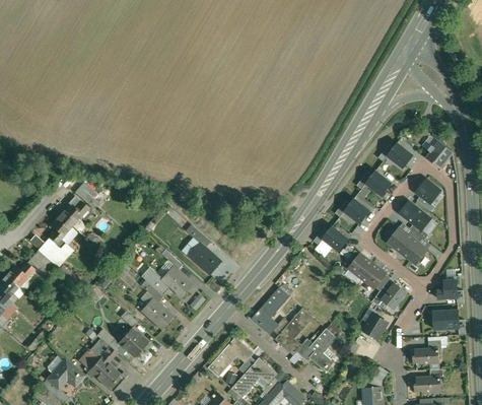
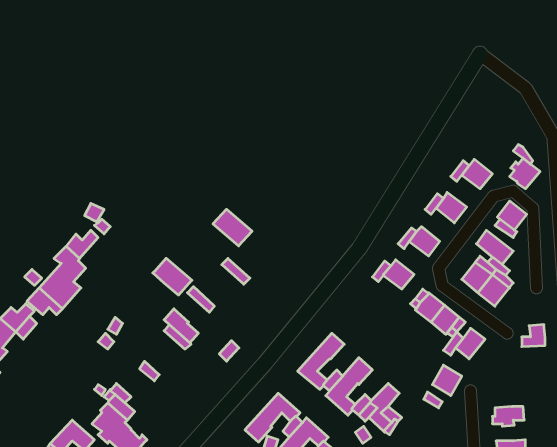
building: [190,244,222,274] -> [213,209,252,246]
building: [160,267,193,297] -> [153,258,192,295]
building: [141,298,174,329] -> none
building: [432,310,459,330] -> none
building: [118,329,147,356] -> none

